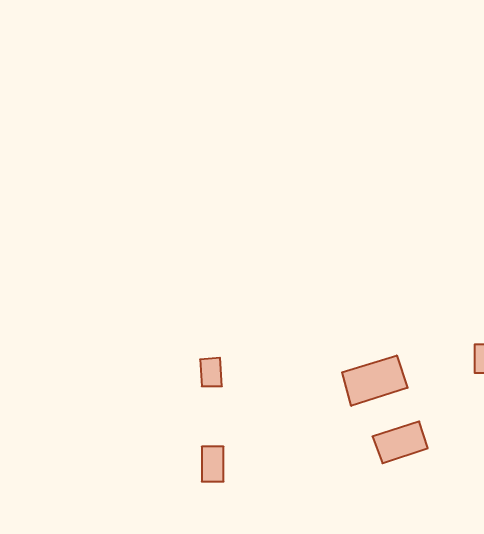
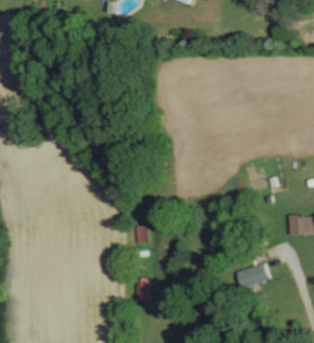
building: [342,355,408,406] -> none

